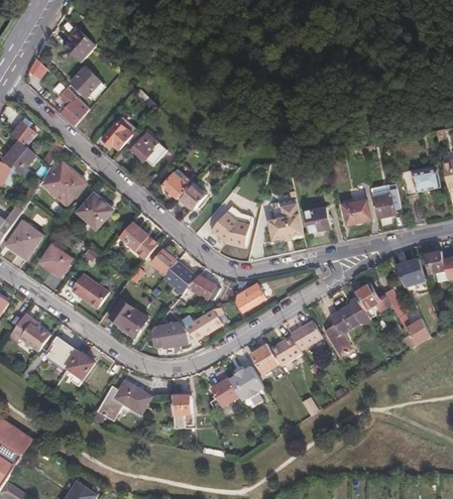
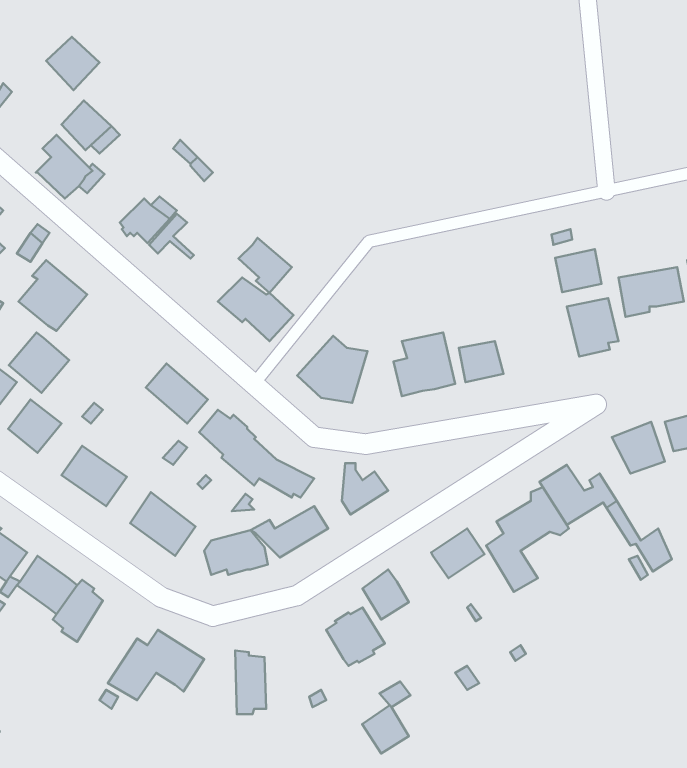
building: [136,136,167,168] -> [239,238,292,293]
building: [78,194,113,229] -> [9,333,69,393]
building: [340,201,367,226] -> [555,249,602,292]
building: [267,336,300,367] -> none
building: [209,378,236,406] -> [362,705,409,753]

